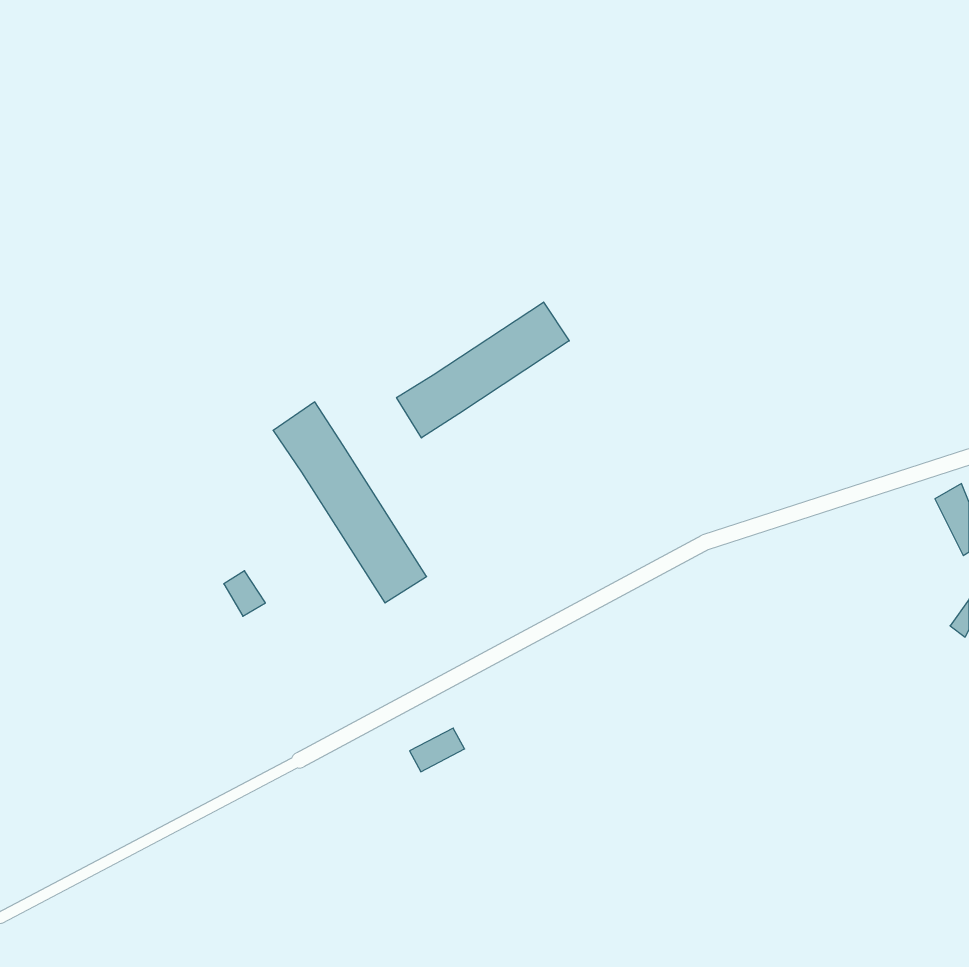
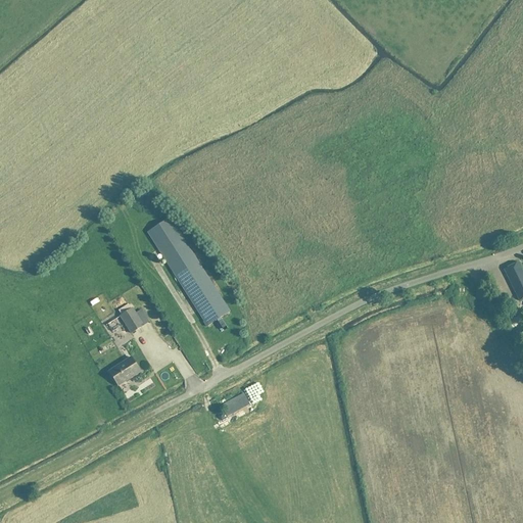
building: [397,302,569,438] -> none
building: none -> [109,356,140,385]

